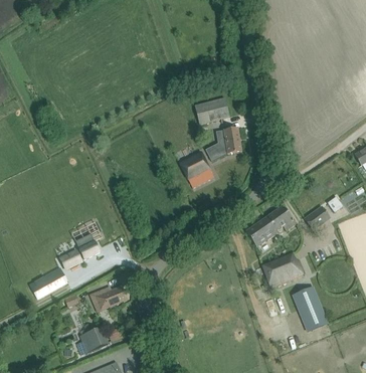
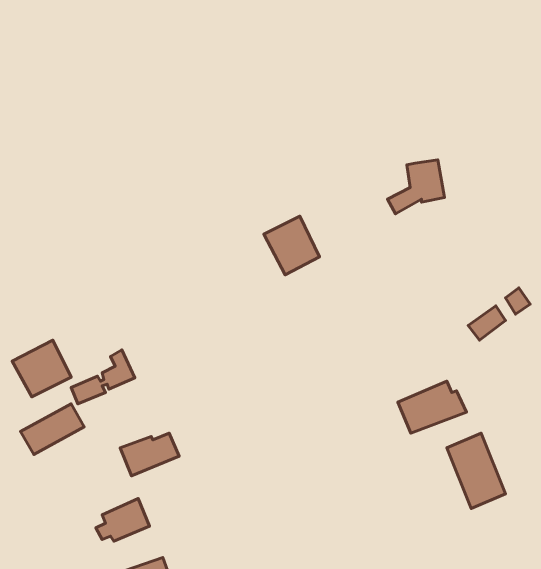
building: [194,97,229,123] -> none
building: [206,127,241,160] -> [387,160,444,214]
building: [245,204,296,245] -> none
building: none -> [12,340,71,397]

